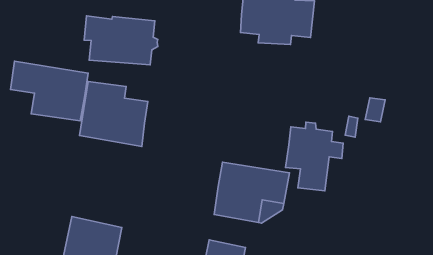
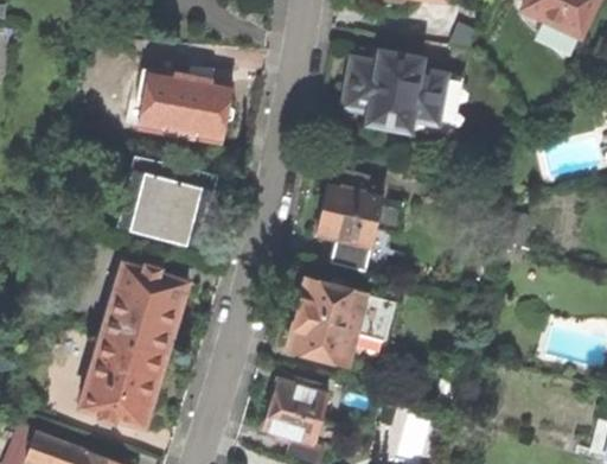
building: [11,61,88,121] -> none
building: [285,122,343,191] -> [315,176,395,269]
building: none -> [100,262,187,354]

